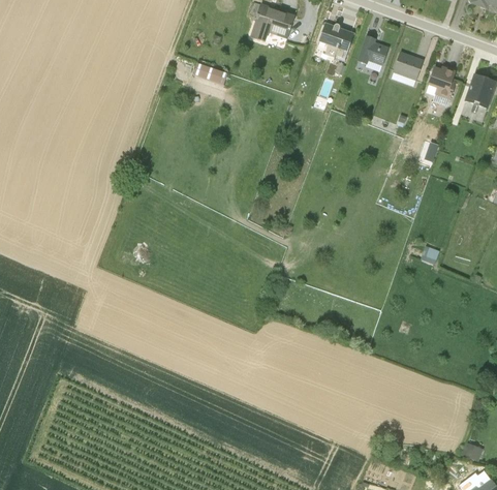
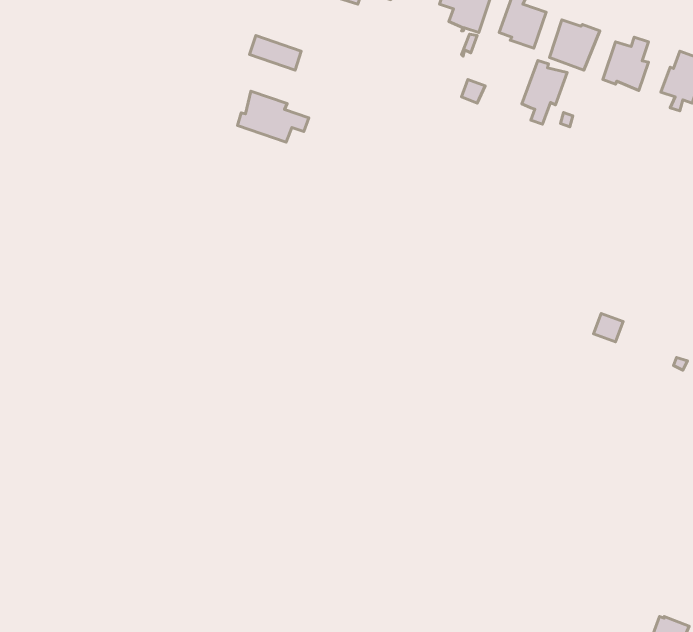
building: none -> [522,60,567,124]
building: none -> [238,91,309,142]

